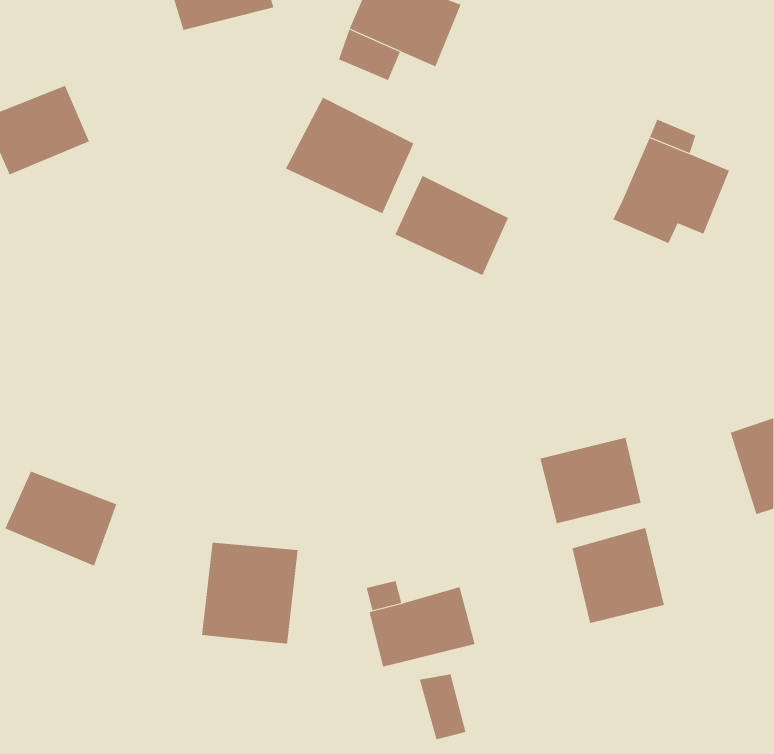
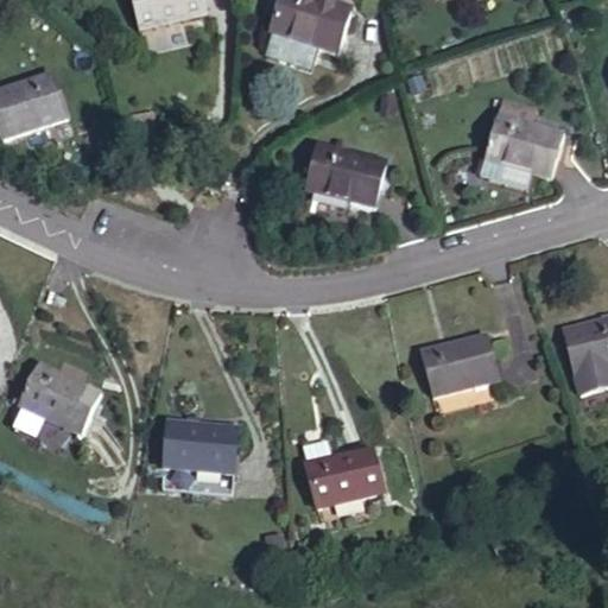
building: [285,97,414,214] -> none
building: [572,527,664,624] -> none
building: [419,673,466,740] -> none

